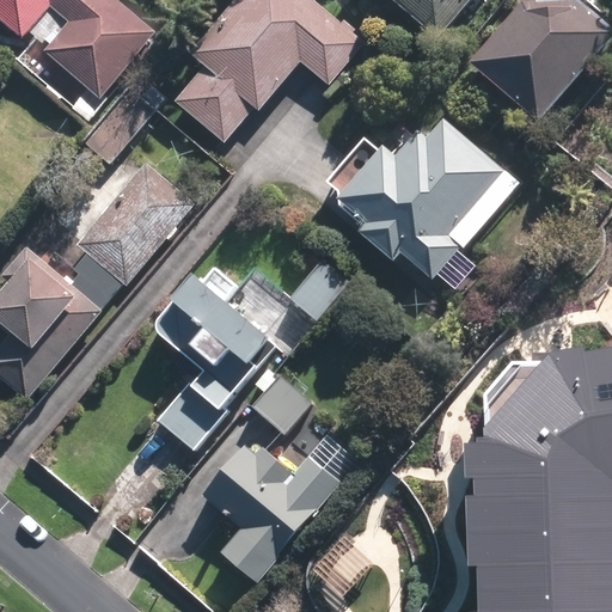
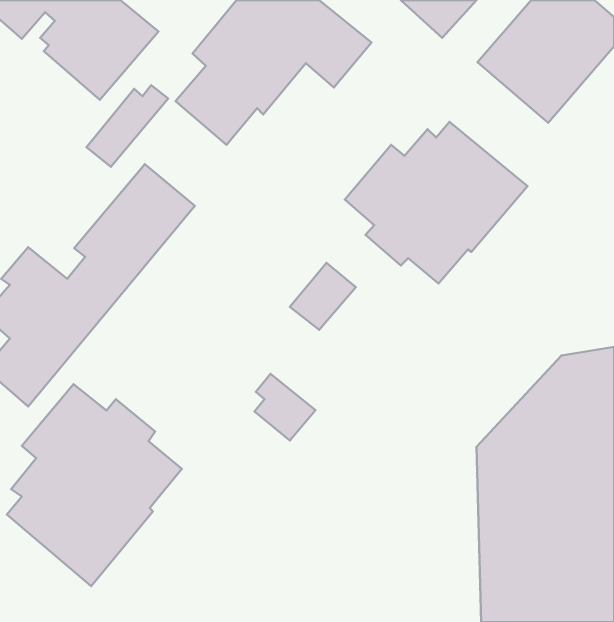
building: [153,263,284,452] -> none
building: none -> [7,384,182,586]
building: [202,432,359,582] -> none

